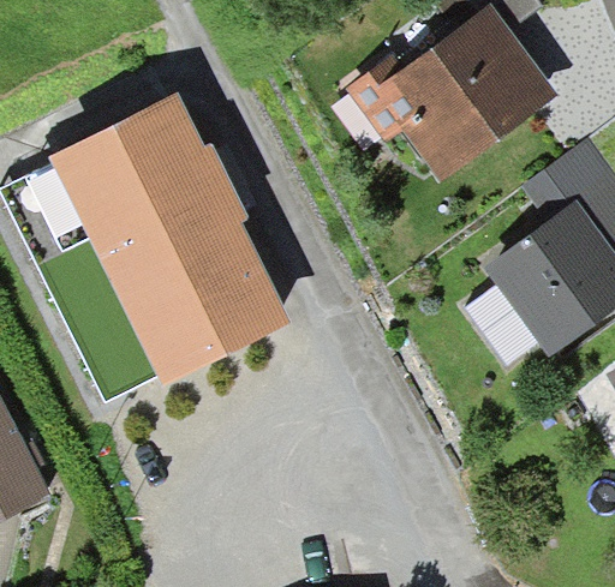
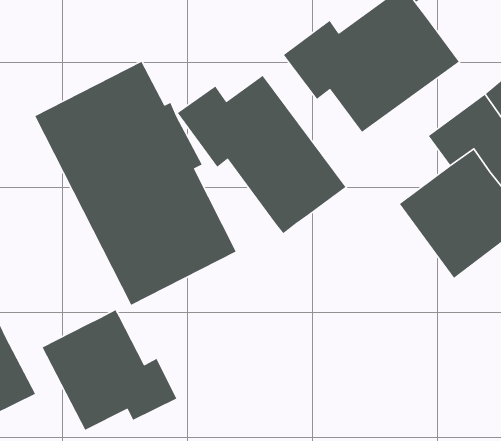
building: none -> [177,75,347,234]
building: none -> [41,309,177,431]

